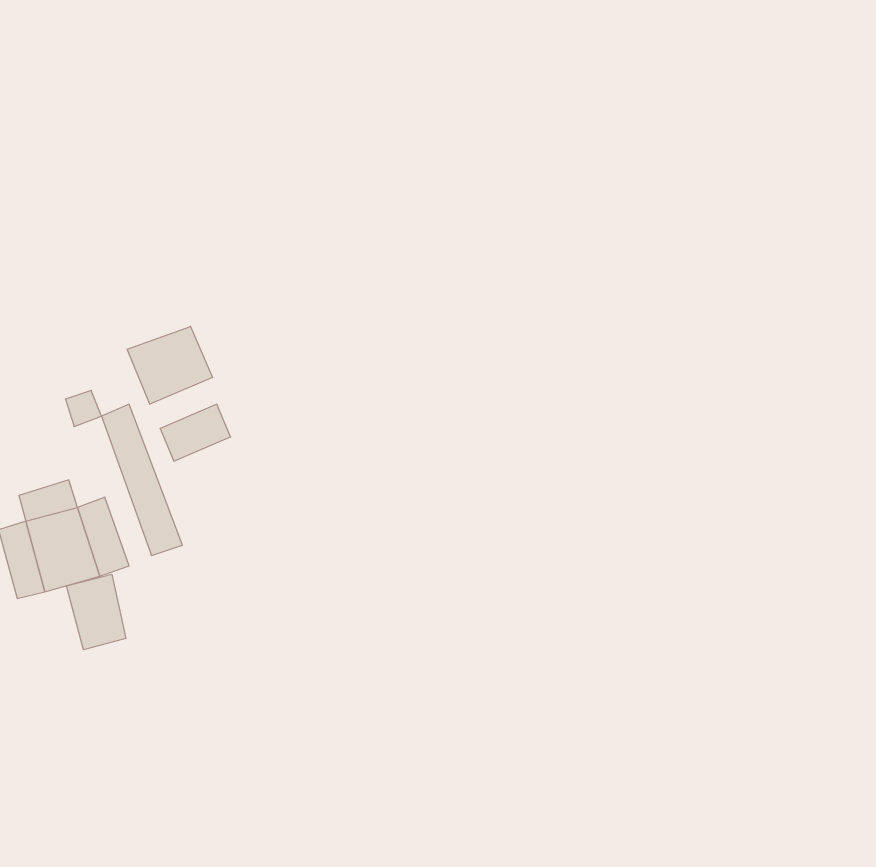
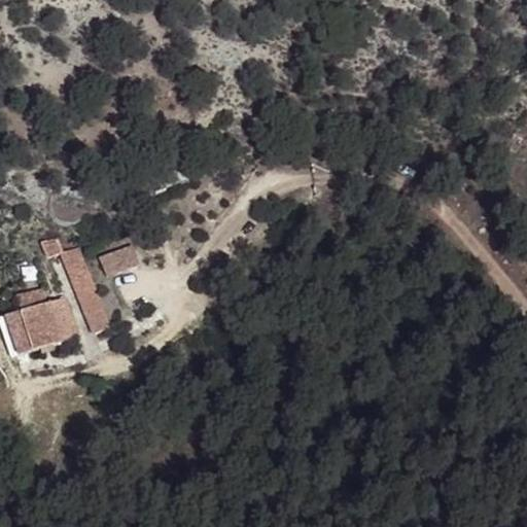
building: [127,326,212,404] -> none
building: [66,574,126,650] -> none

